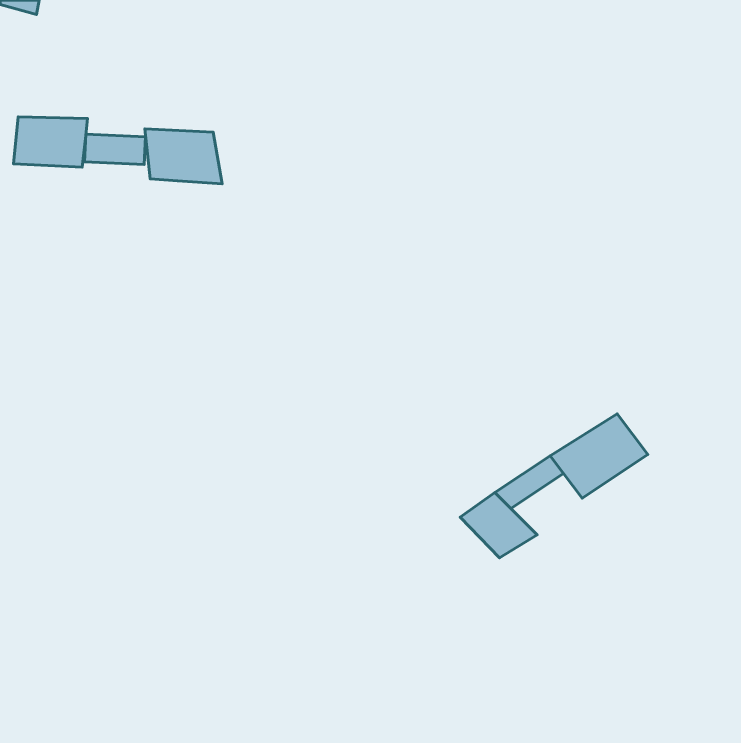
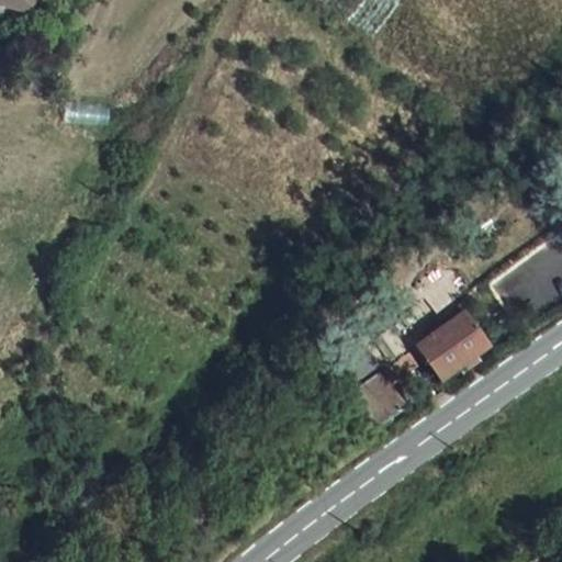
building: [13,117,87,167] -> none
building: [145,129,222,184] -> none

